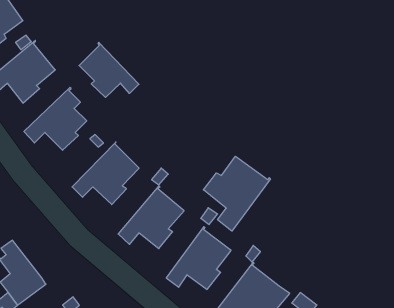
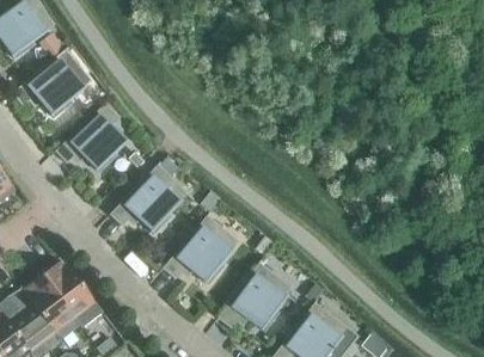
building: [79,42,139,97] -> none
building: [203,156,270,231] -> none
building: none -> [42,265,106,332]

